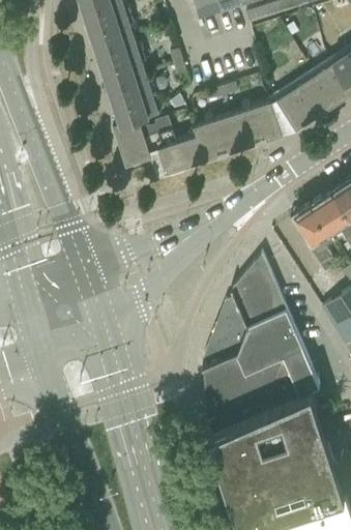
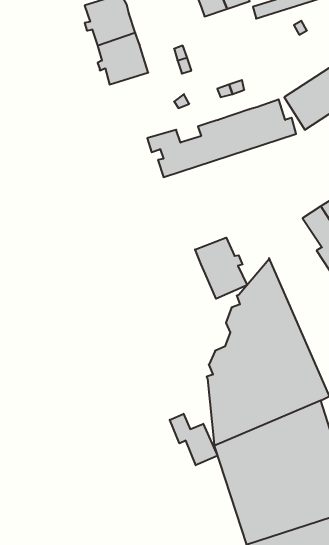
building: [108,73,172,164] -> none
building: none -> [195,238,247,299]
building: none -> [170,414,217,465]

